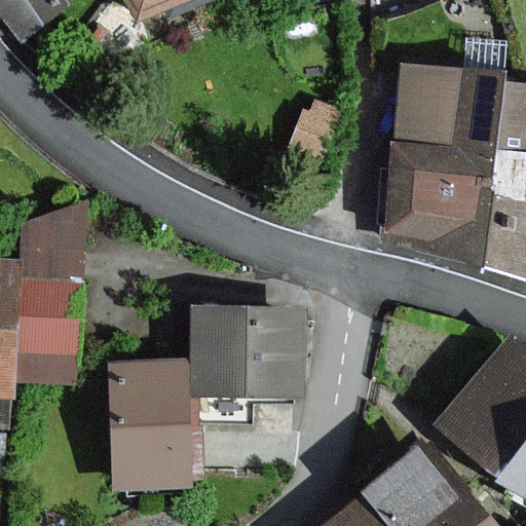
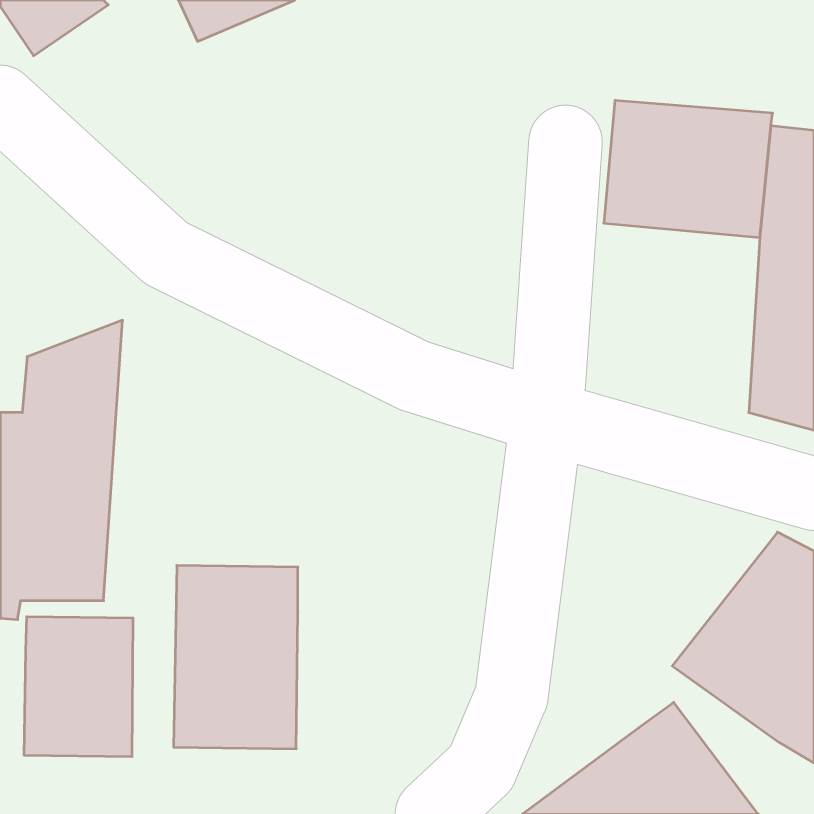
building: [382,144,490,266] -> none
building: [192,312,302,396] -> none
building: none -> [24,617,133,757]

